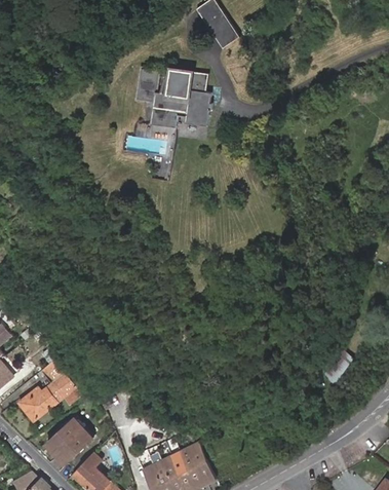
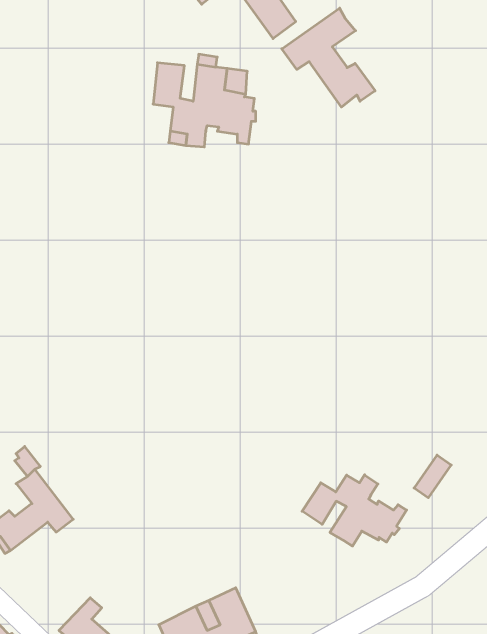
building: none -> [282,8,375,107]
building: none -> [302,475,407,546]
building: [45,418,91,464] -> none

